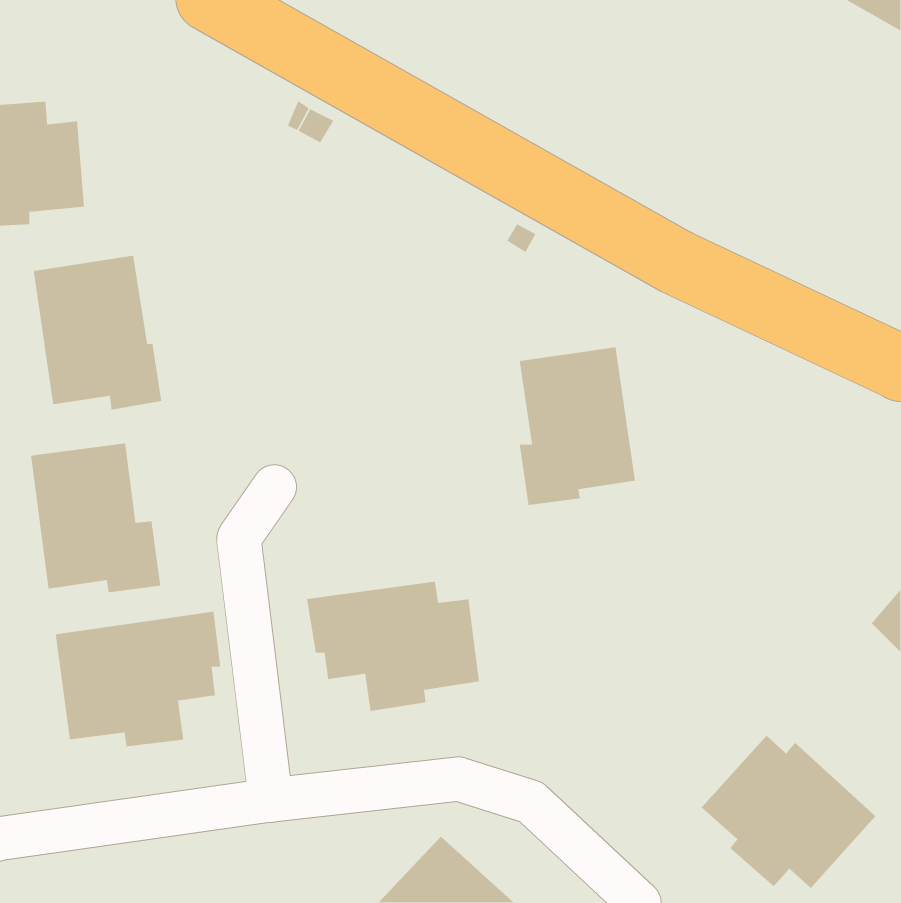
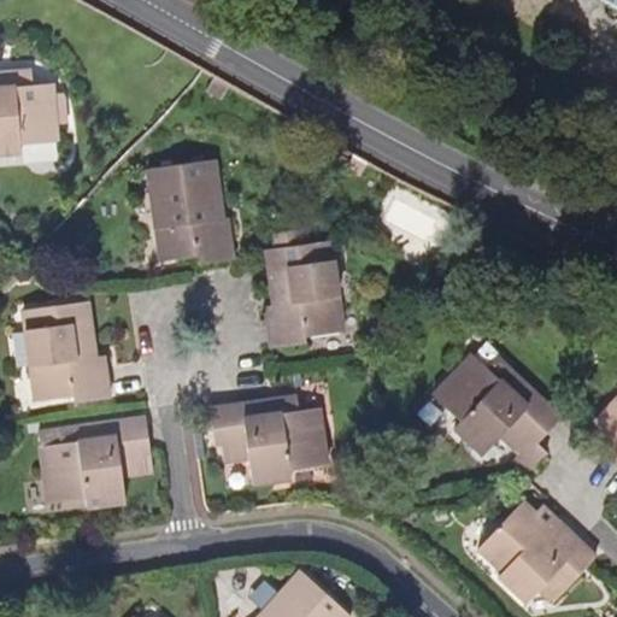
building: [33,255,162,411] -> [146,159,234,265]
building: [519,346,636,506] -> [264,240,343,348]
building: none -> [433,353,563,457]

